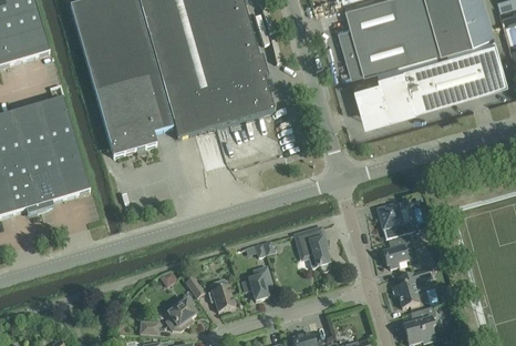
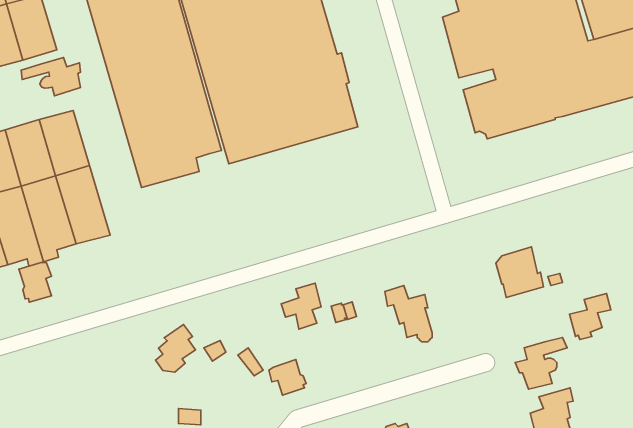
building: none -> [21,57,81,96]
building: none -> [19,263,51,302]
building: [382,236,413,271] -> [569,294,611,340]
building: [241,268,271,303] -> [281,283,321,329]
building: [166,297,196,333] -> [155,325,195,372]

